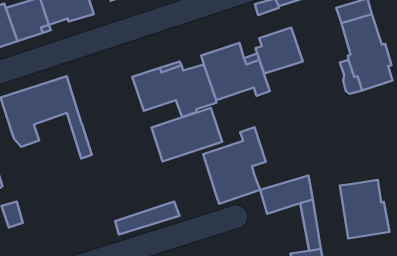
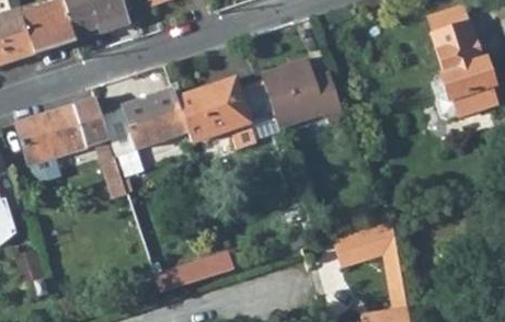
building: [256,27,303,74] -> none
building: [152,108,222,161] -> [100,88,186,153]
building: [203,127,266,204] -> none
building: [340,180,389,238] -> none

